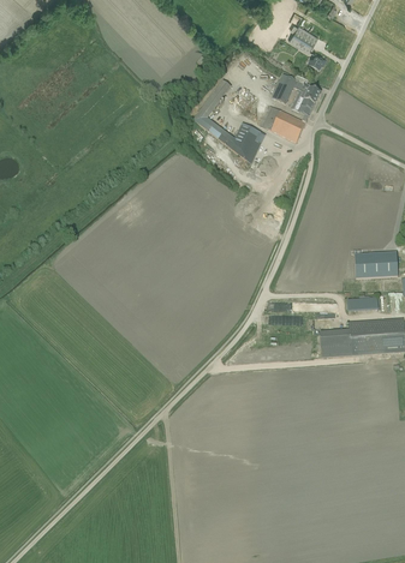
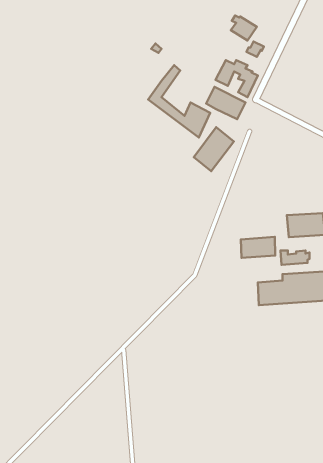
building: none -> [194,127,234,171]
building: none -> [241,237,275,258]

